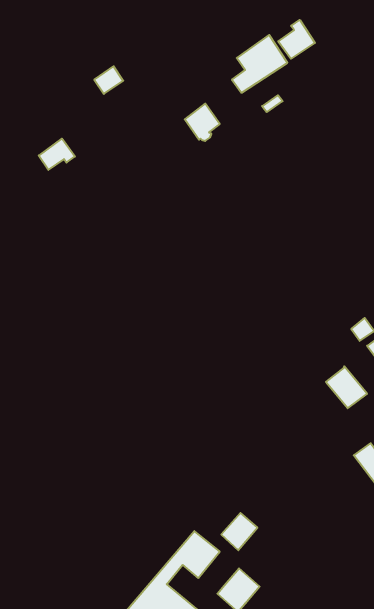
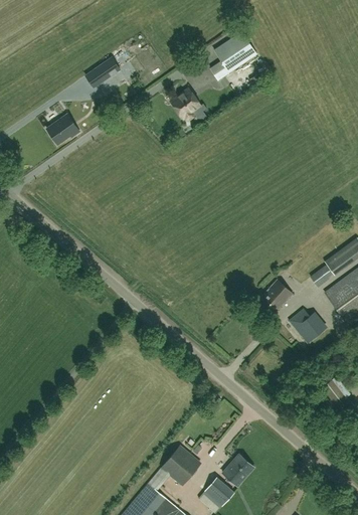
building: [278,20,315,59] -> none
building: none -> [254,280,293,317]
building: [221,513,257,550] -> [223,455,253,486]

